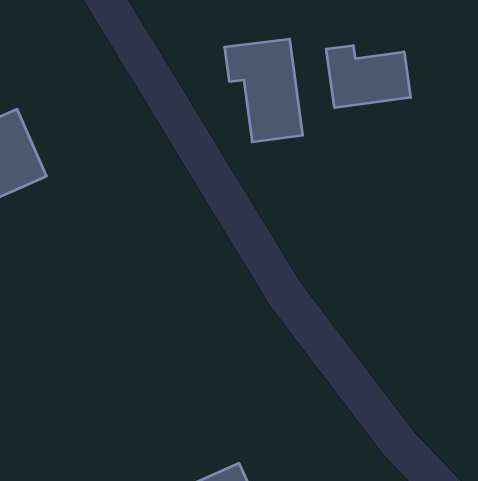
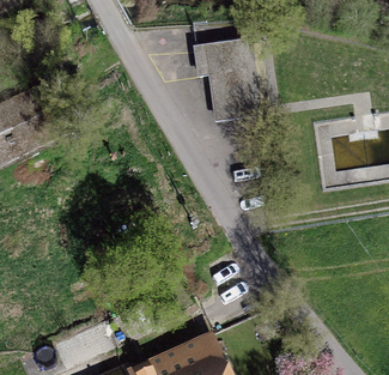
building: [326,45,411,108] -> none

